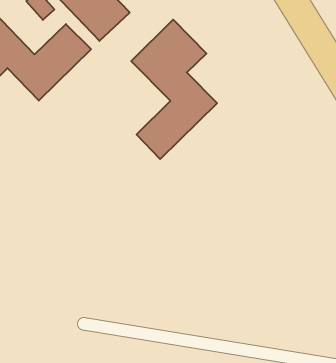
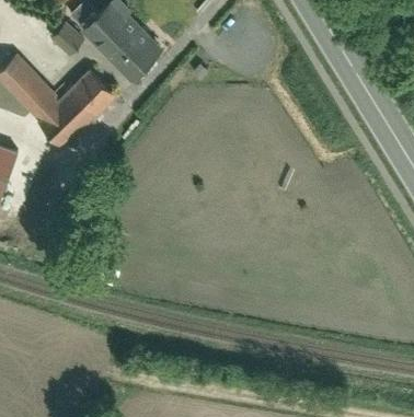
building: [131,20,217,159] -> none

